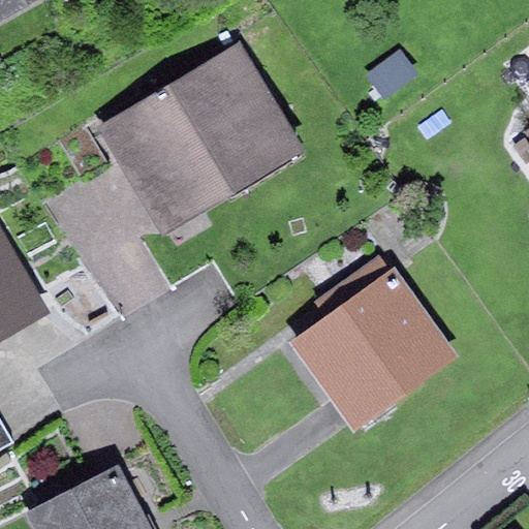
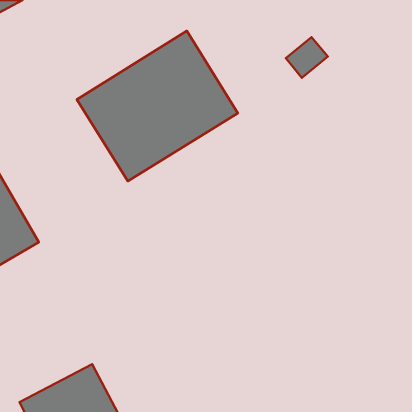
building: [288,254,457,431] -> none

